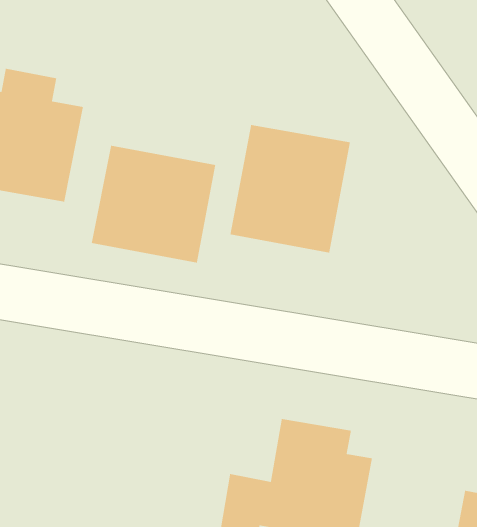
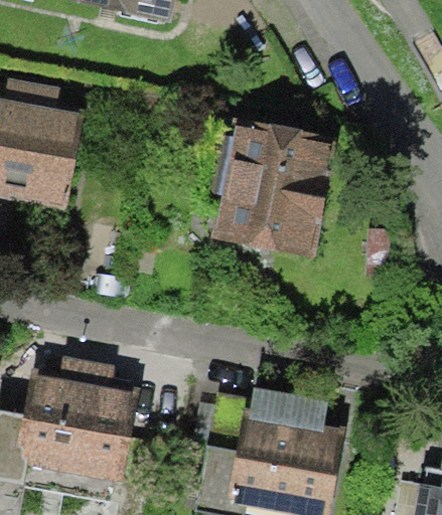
building: [91,145,216,264] -> none
building: none -> [16,374,132,478]

